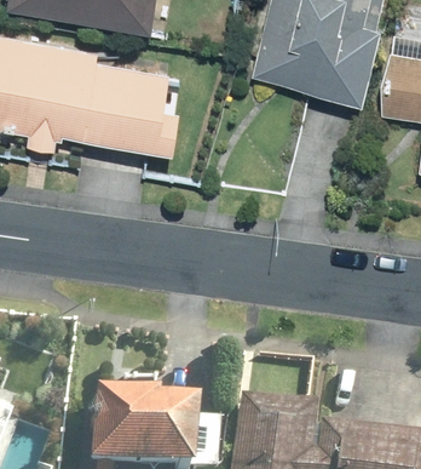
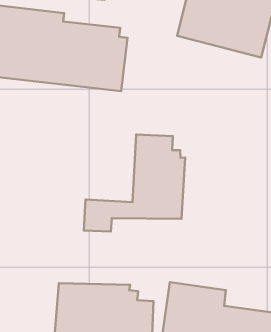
building: none -> [84,135,185,231]

